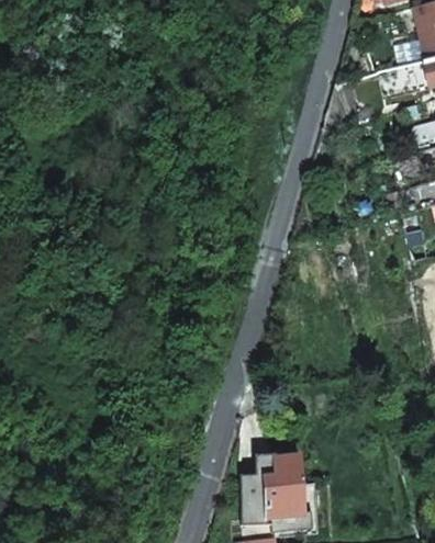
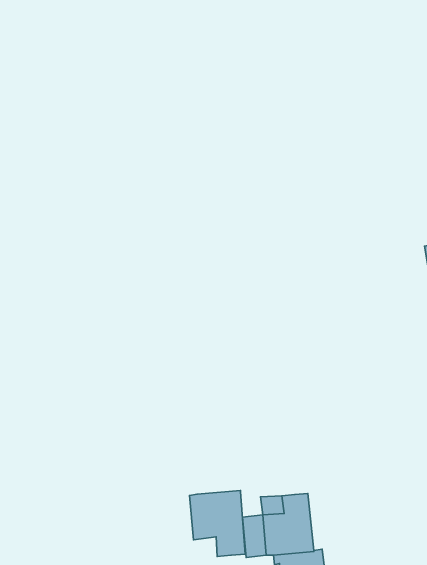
building: none -> [190,490,245,557]

